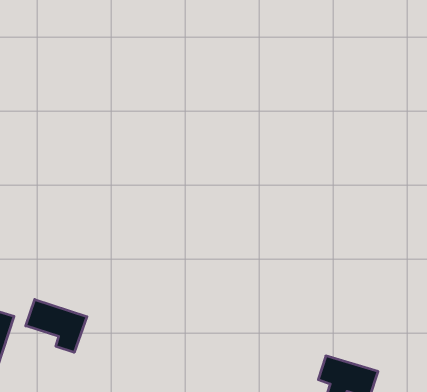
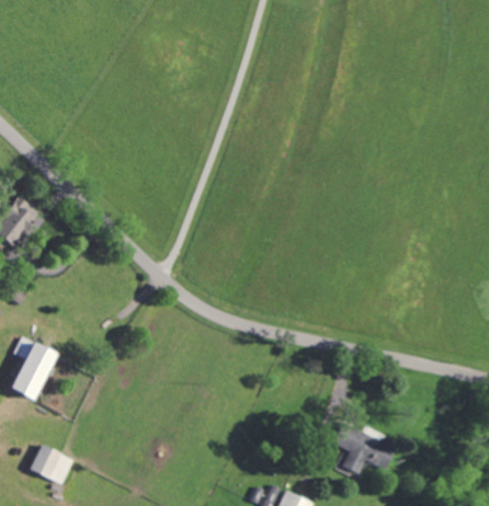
building: [26,299,87,352] -> none

